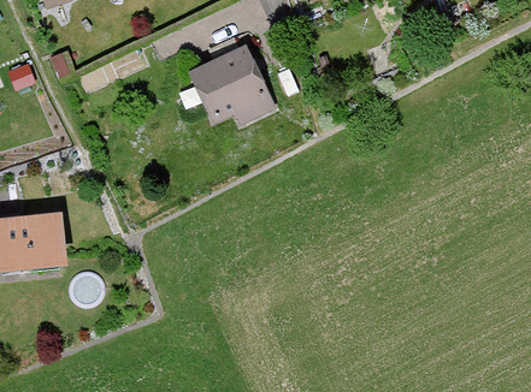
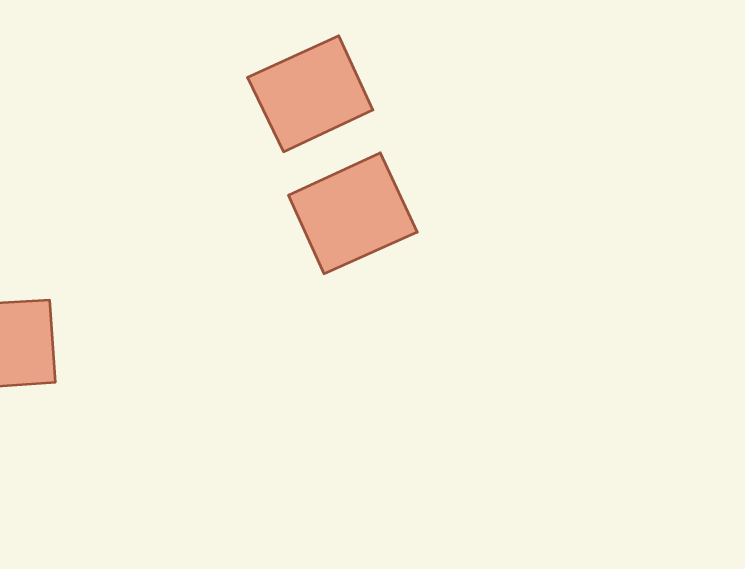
building: none -> [289,153,417,274]

